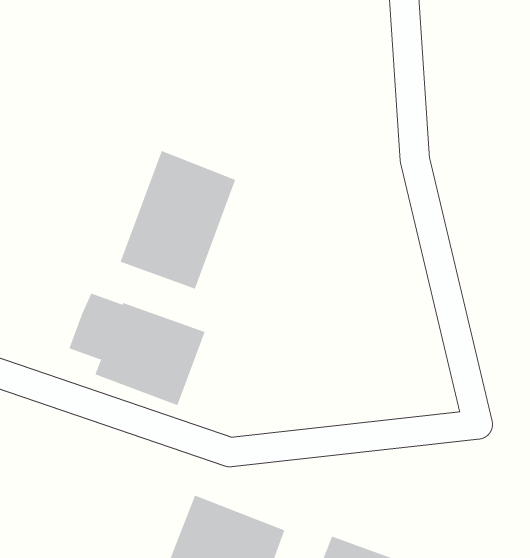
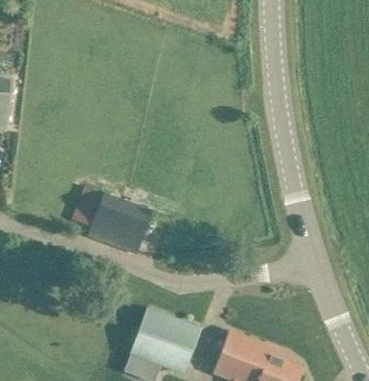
building: [120,150,236,290] -> none

